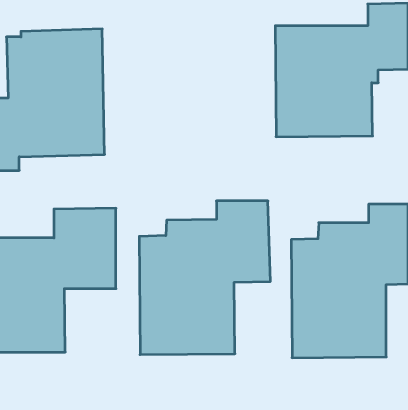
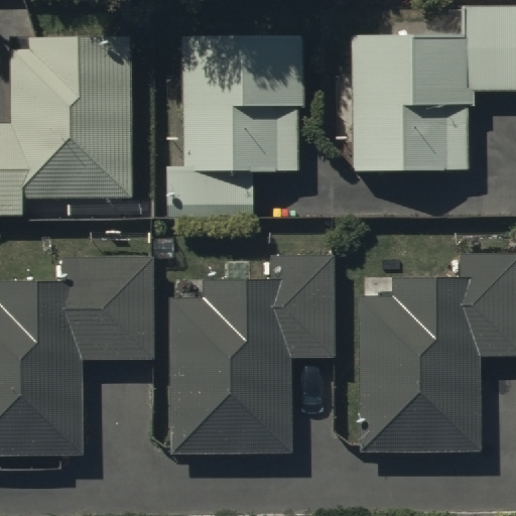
building: none -> [163,35,300,221]

